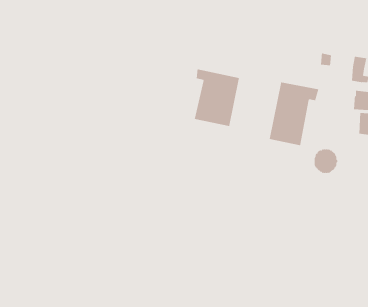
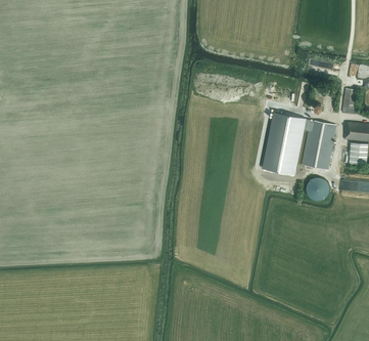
building: [194,69,240,127] -> none
building: none -> [302,120,335,169]

